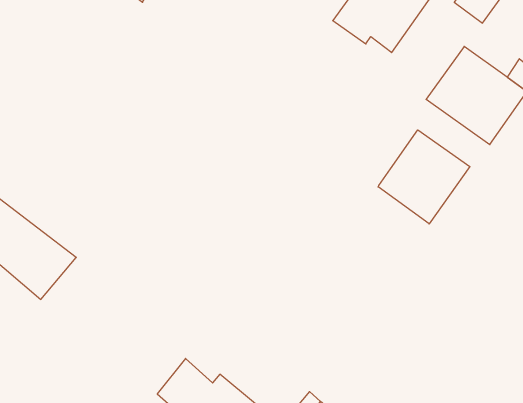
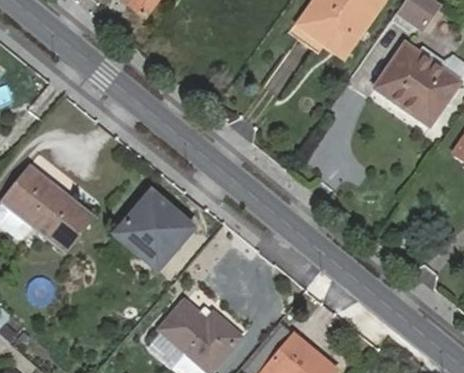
building: [378,130,470,224] -> none
building: none -> [115,193,191,269]

